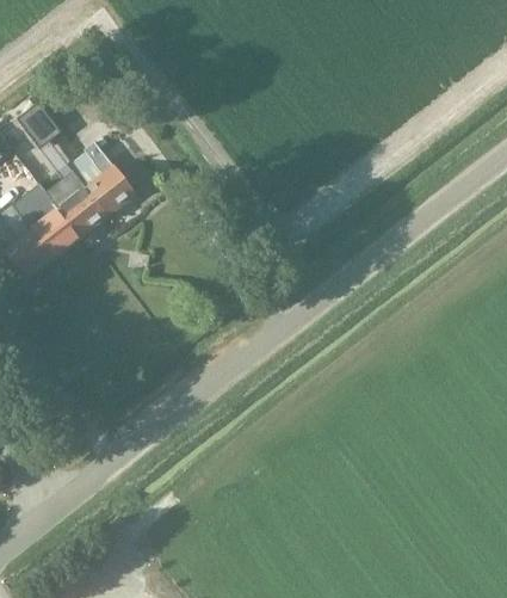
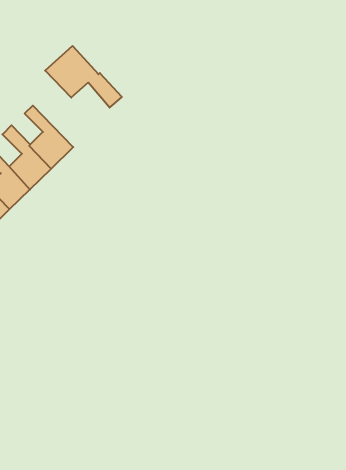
building: none -> [45,46,122,108]

